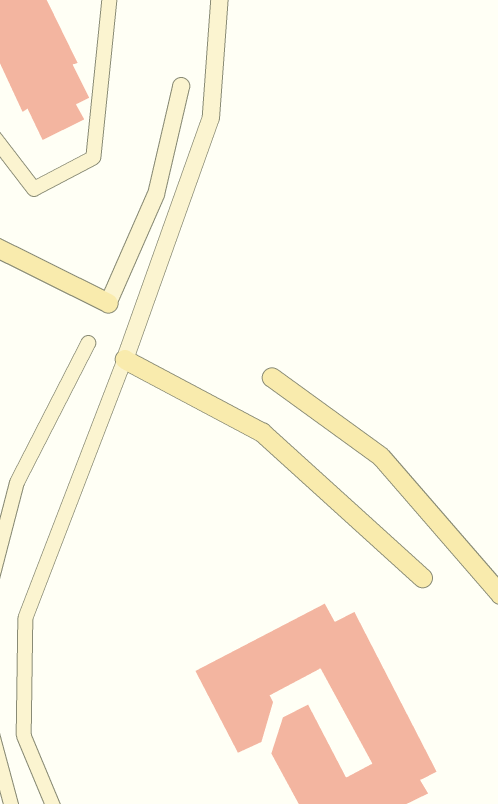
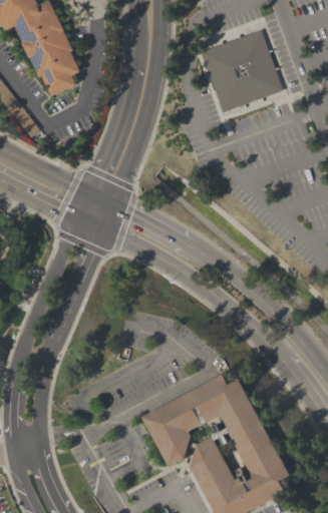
building: none -> [200,29,282,112]

